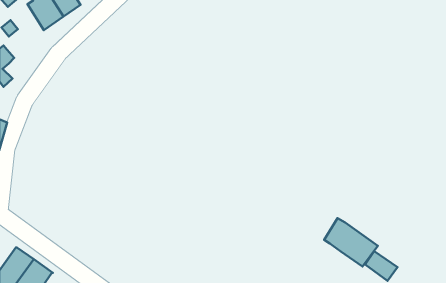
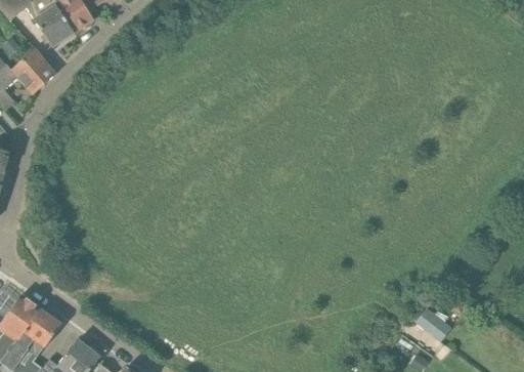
building: none -> [9,48,55,94]
building: [324,218,378,267] -> none

